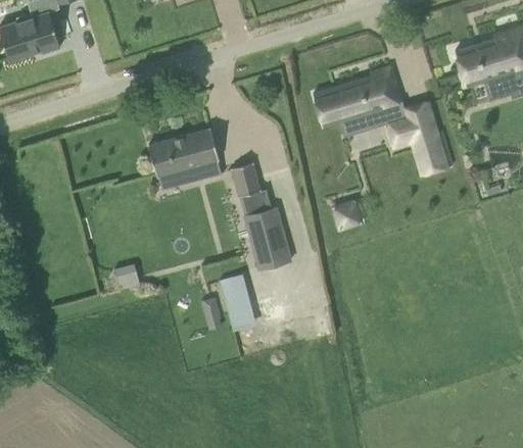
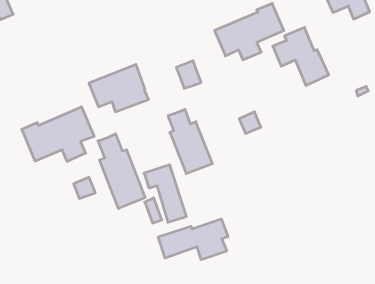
building: [231,163,260,197] -> [176,61,201,88]
building: none -> [22,107,94,162]
building: none -> [98,134,145,209]
building: none -> [158,219,228,260]

